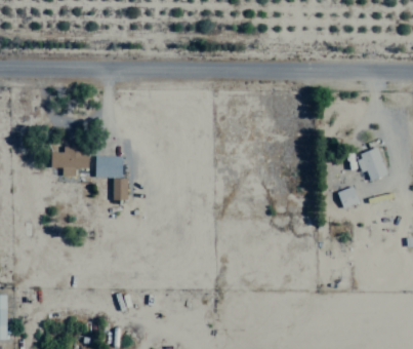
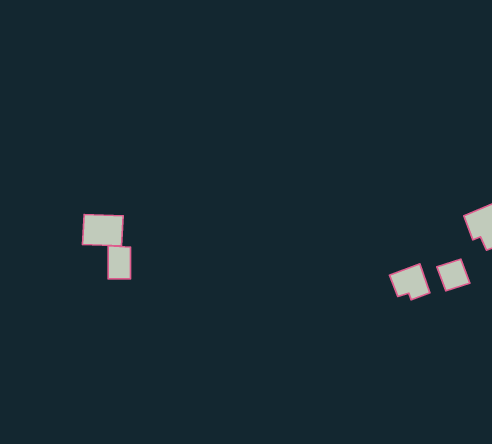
building: [51,146,90,176] -> none
building: none -> [390,264,430,300]

